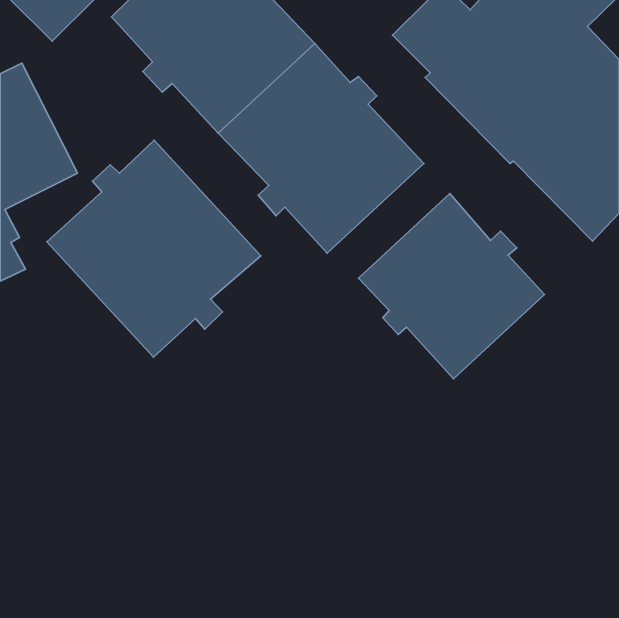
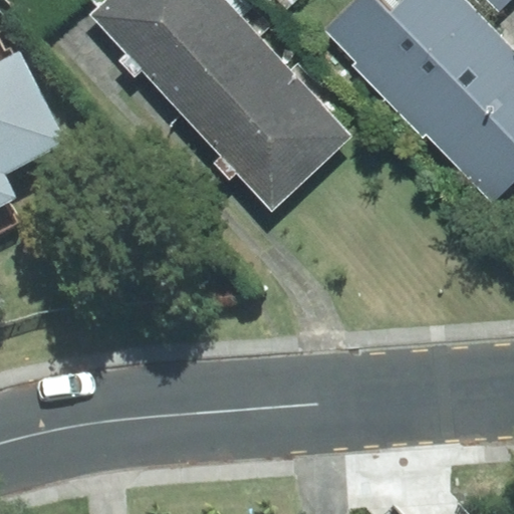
building: [47,140,261,357] -> none
building: [359,194,545,379] -> none

